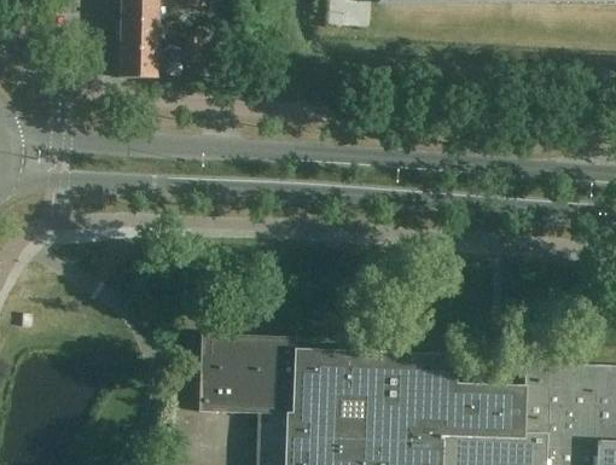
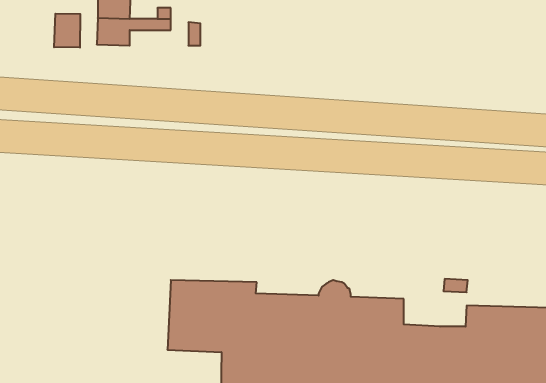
building: none -> [54,14,80,48]

